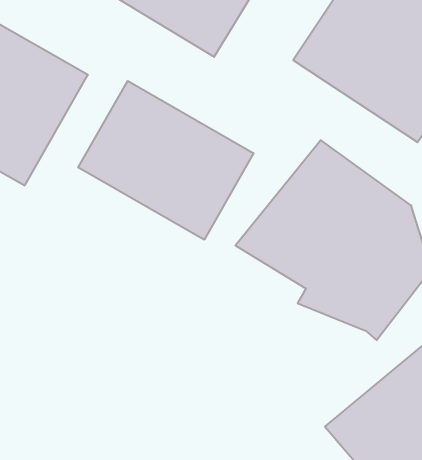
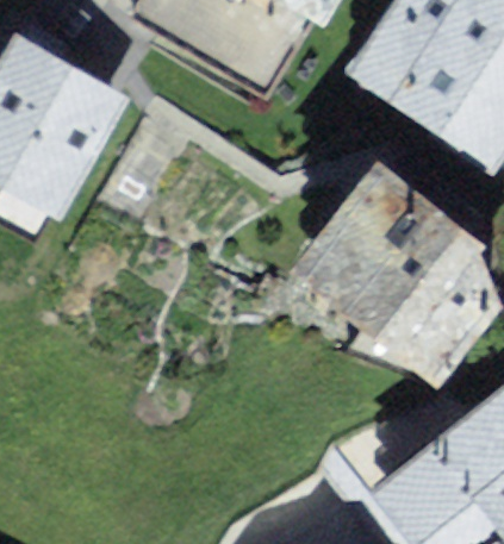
building: [78,81,254,240] -> none

